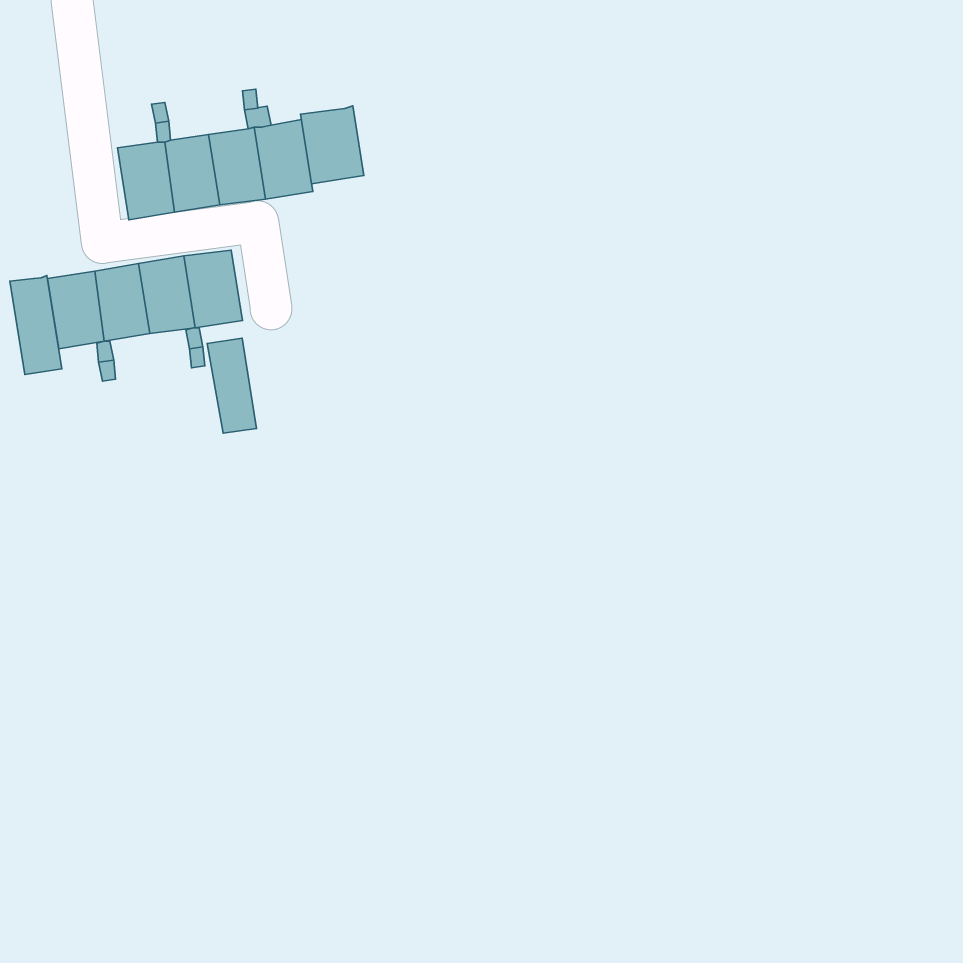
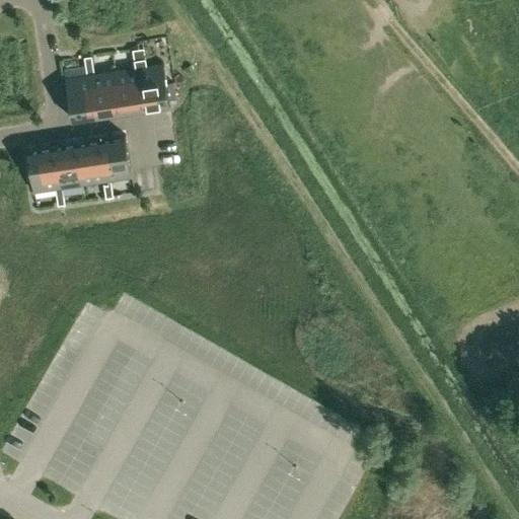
building: [301,106,364,184] -> none
building: [10,275,62,375] -> none
building: [207,338,257,433] -> none

